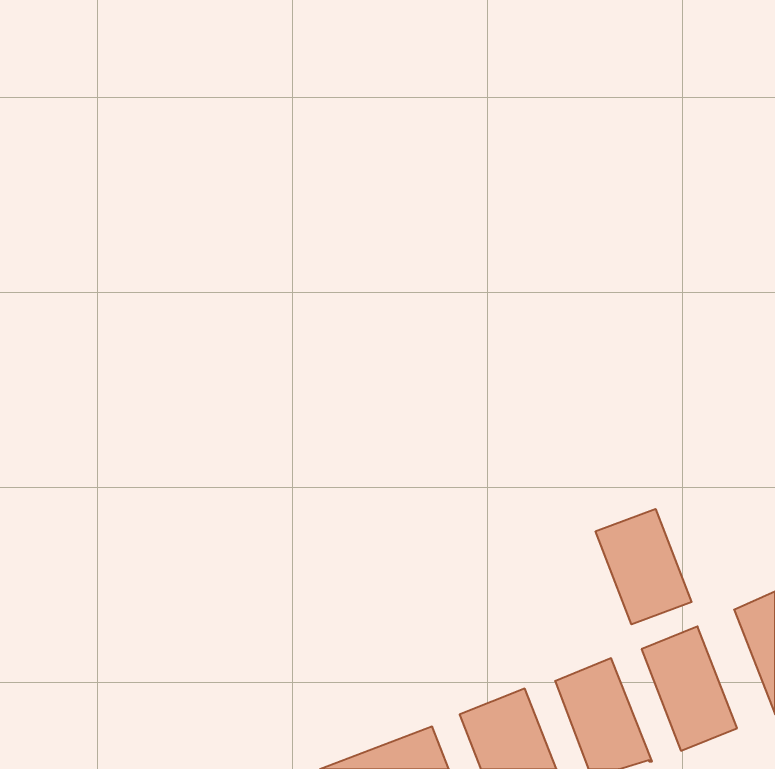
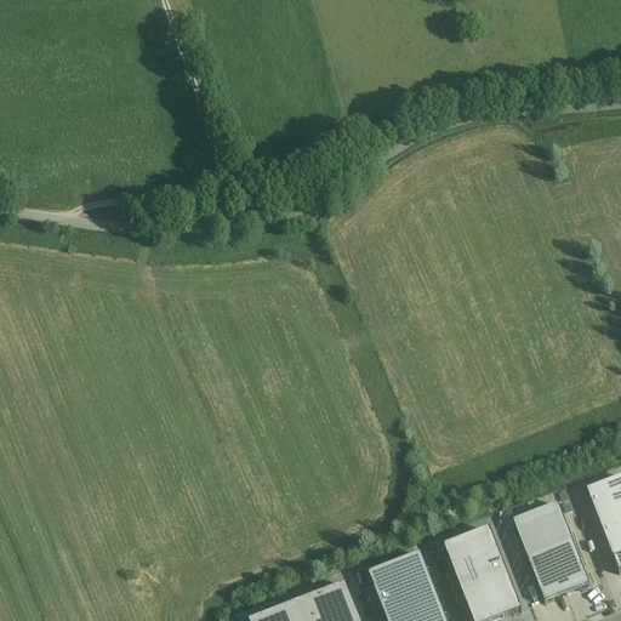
building: [596,509,692,624] -> none

